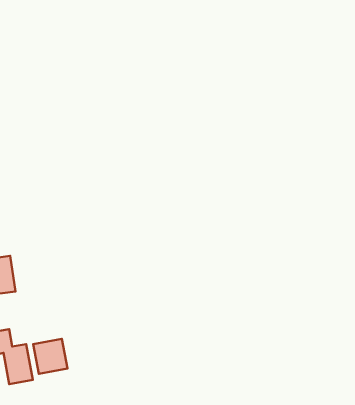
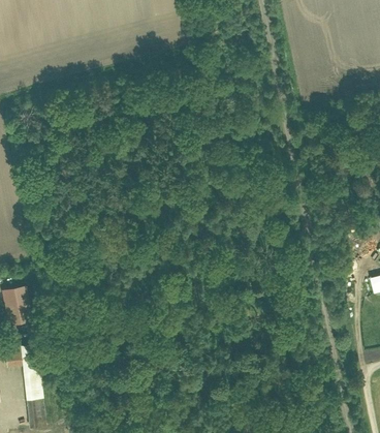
building: [33,339,67,374] -> none

